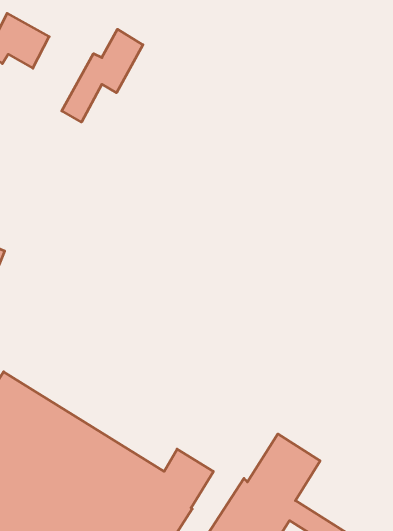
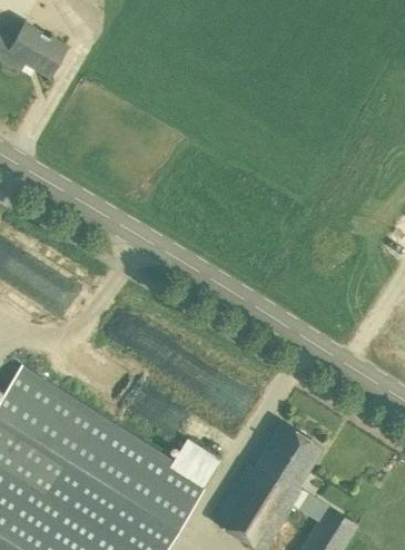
building: [62,29,143,122] -> none

